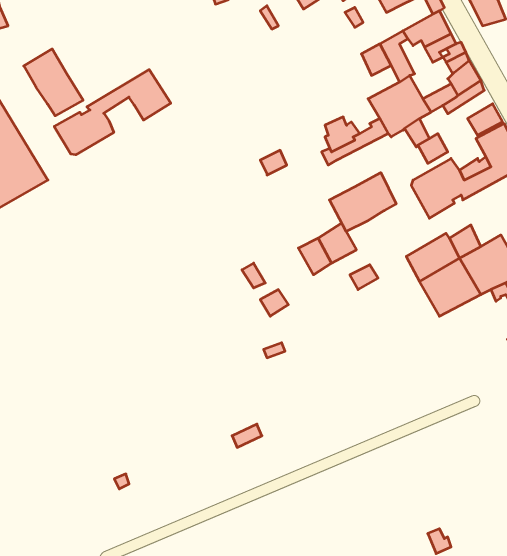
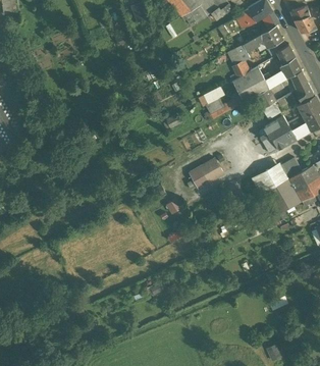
building: [24,49,83,116] -> none
building: [54,70,171,155] -> none
building: [329,173,396,232] -> none

